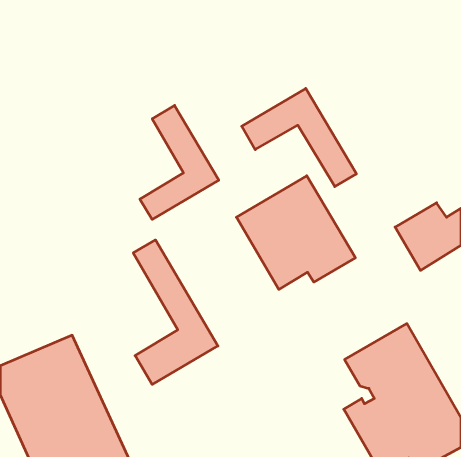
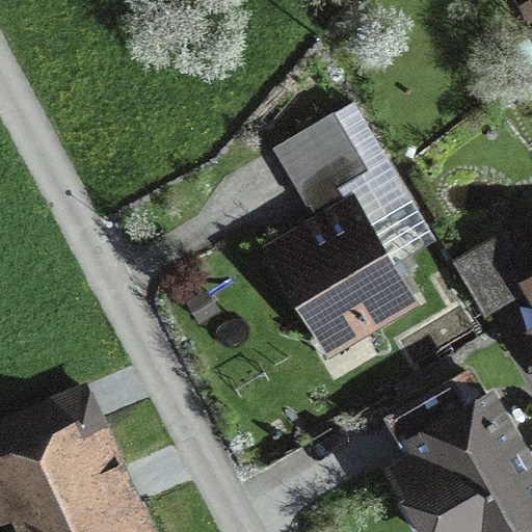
building: [140,105,219,219] -> none
building: [133,240,218,384] -> none

